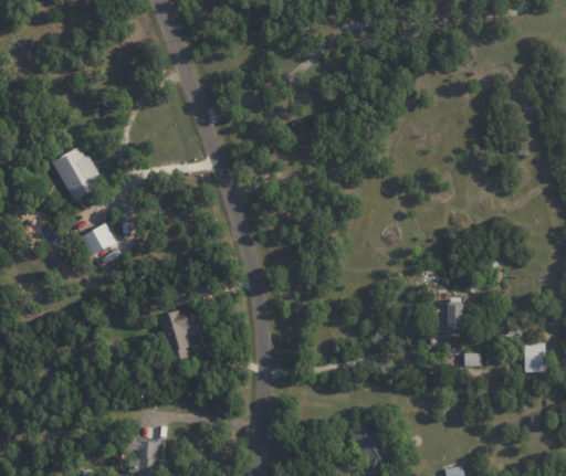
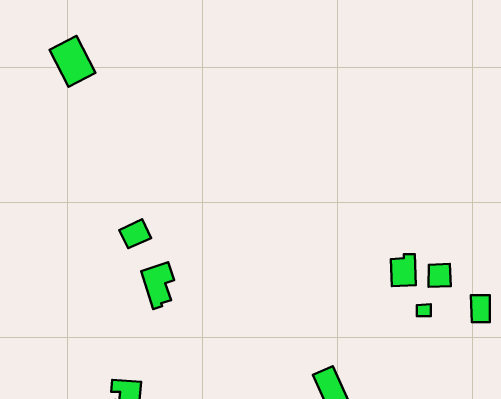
building: [53,145,104,201] -> [49,36,95,87]
building: [82,223,117,255] -> [119,219,151,248]
building: none -> [428,264,451,287]

